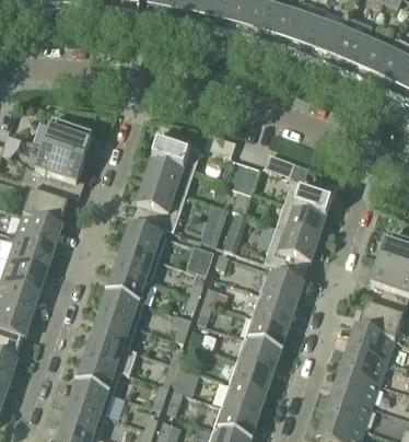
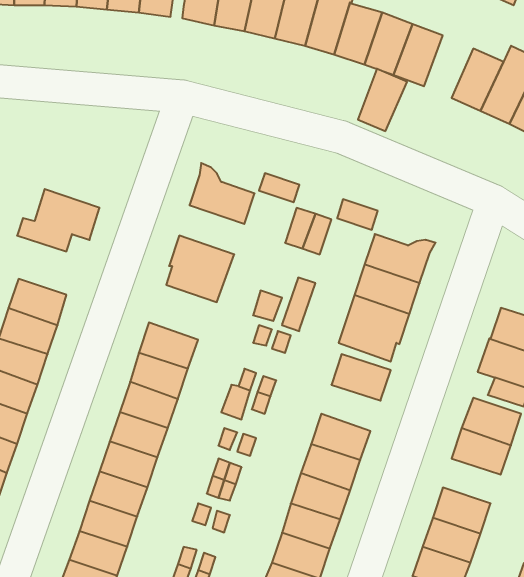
building: [329,28,366,75] -> [358,69,407,131]
building: [43,117,91,159] -> none
building: [144,156,194,194] -> none
building: [23,189,68,224] -> none
building: [121,222,166,258] -> none
building: [252,292,296,327] -> none
building: [343,348,387,382] -> none

